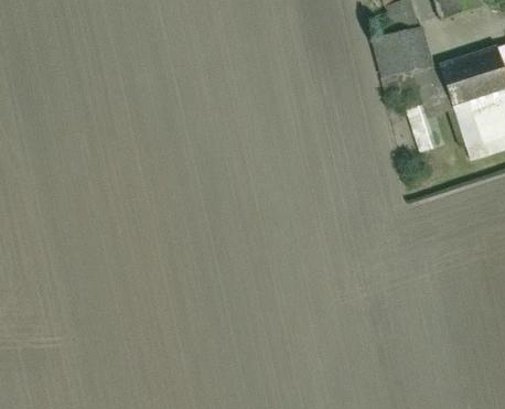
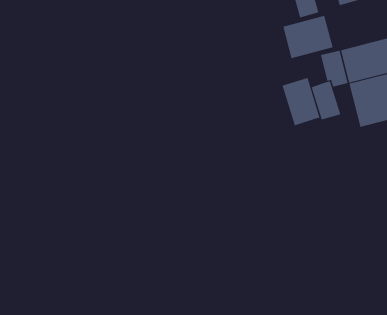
building: none -> [282,77,320,126]

